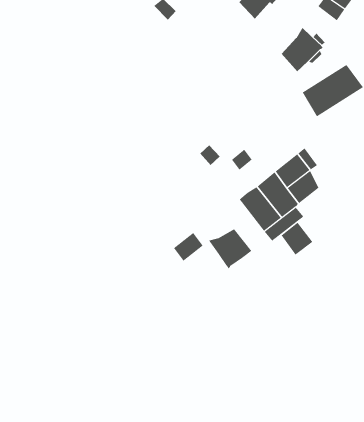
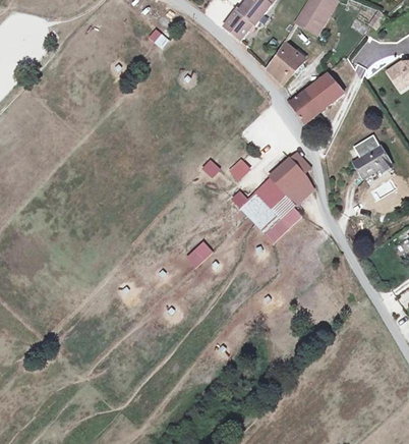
building: [281,222,313,255] -> none
building: [208,229,252,269] -> none

